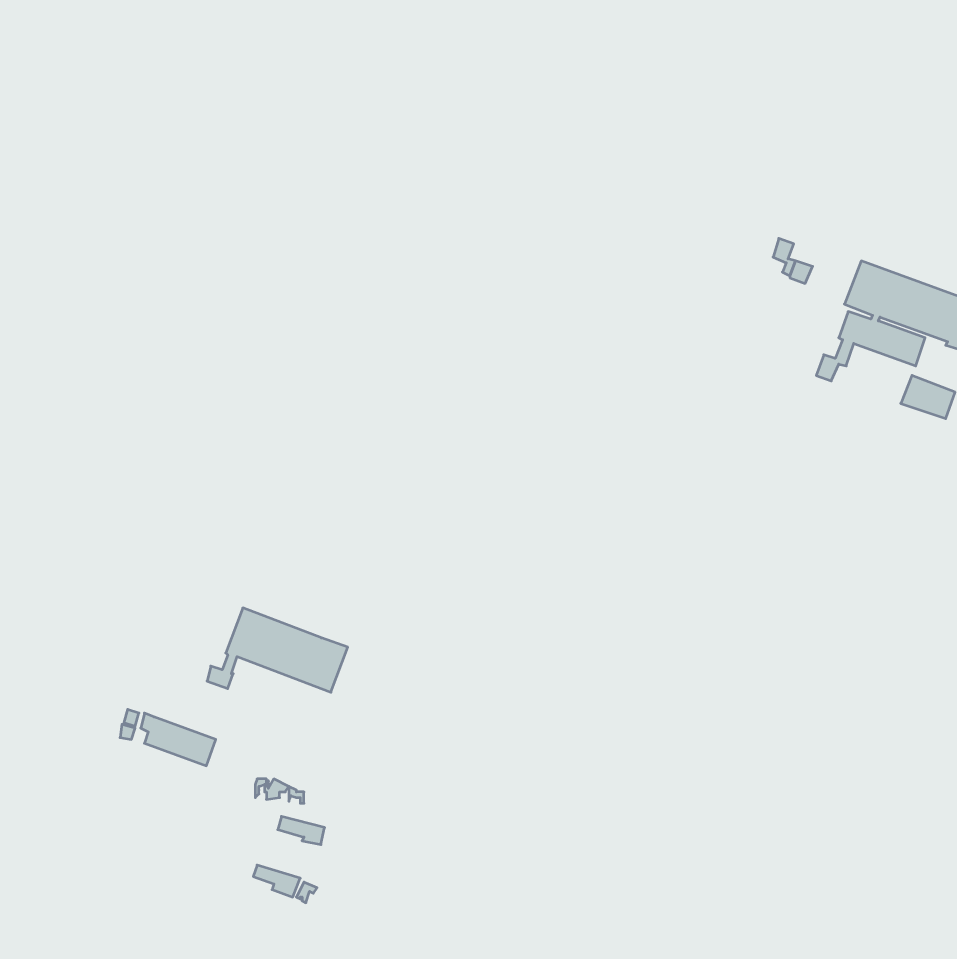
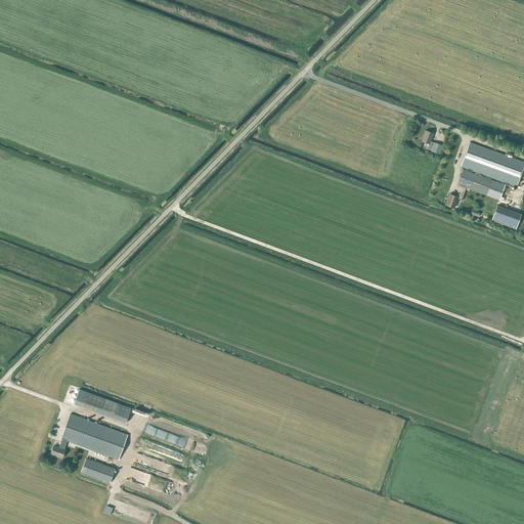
building: [207,608,348,692] -> [51,413,128,460]
building: none -> [81,457,116,483]

